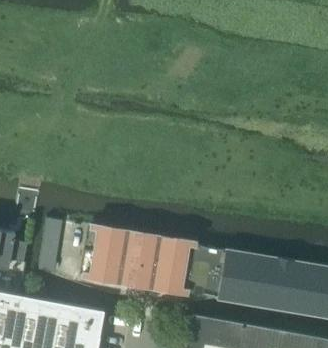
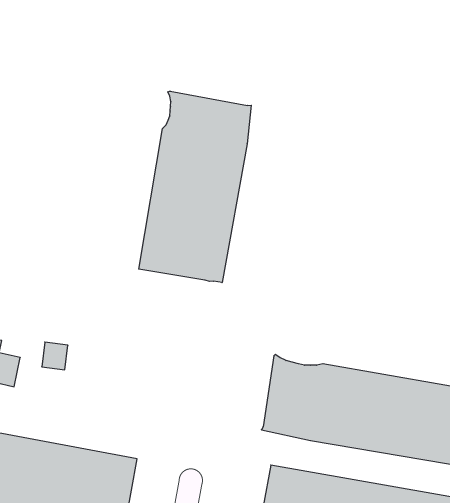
building: none -> [139,91,251,283]
building: [83,226,195,292] -> none

